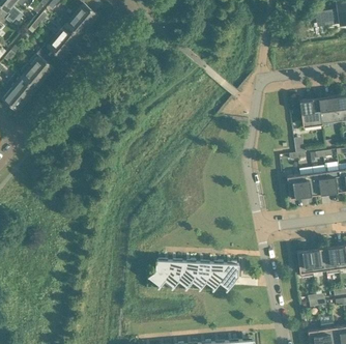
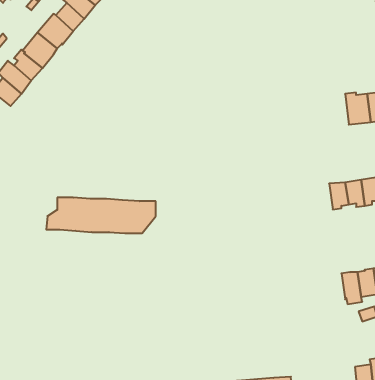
building: [146,260,238,290] -> [46,198,156,233]

